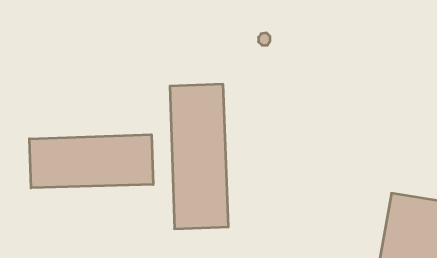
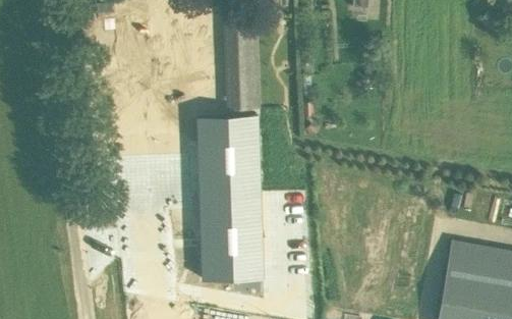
building: [29,135,153,188] -> none

